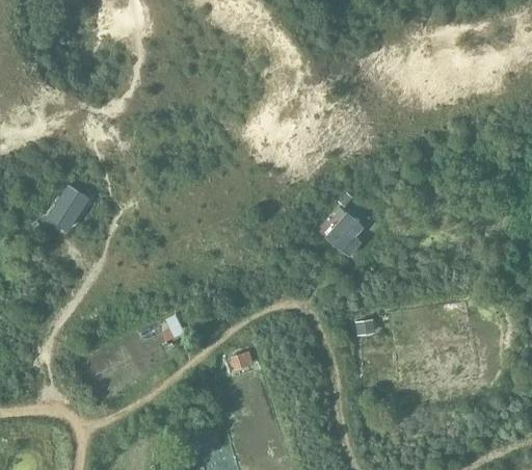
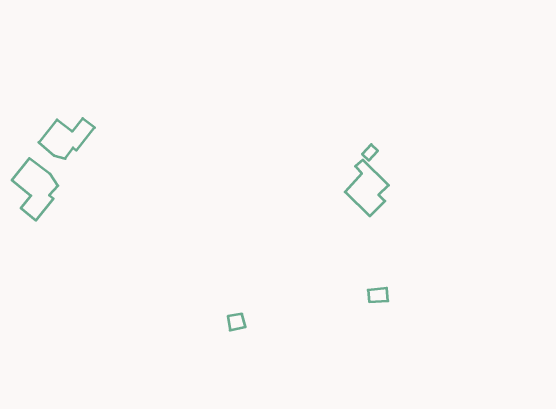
building: none -> [12,158,58,220]

